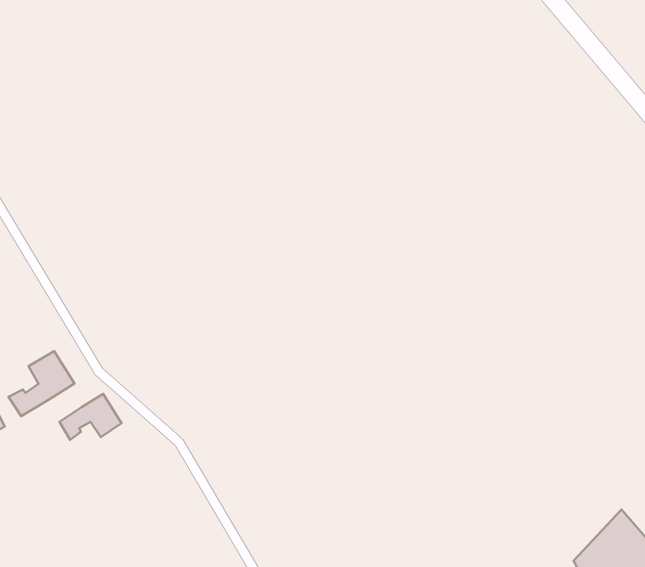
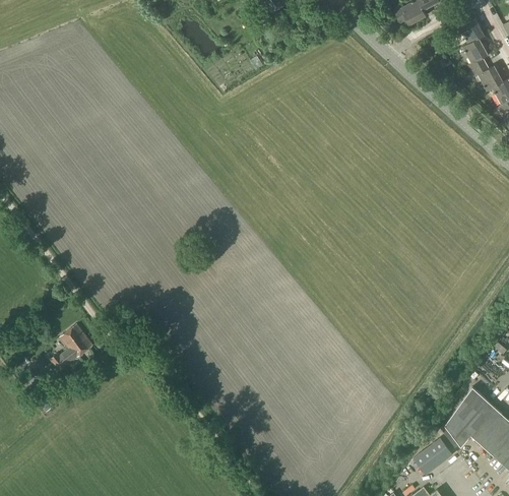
building: [59,394,121,440] -> none

